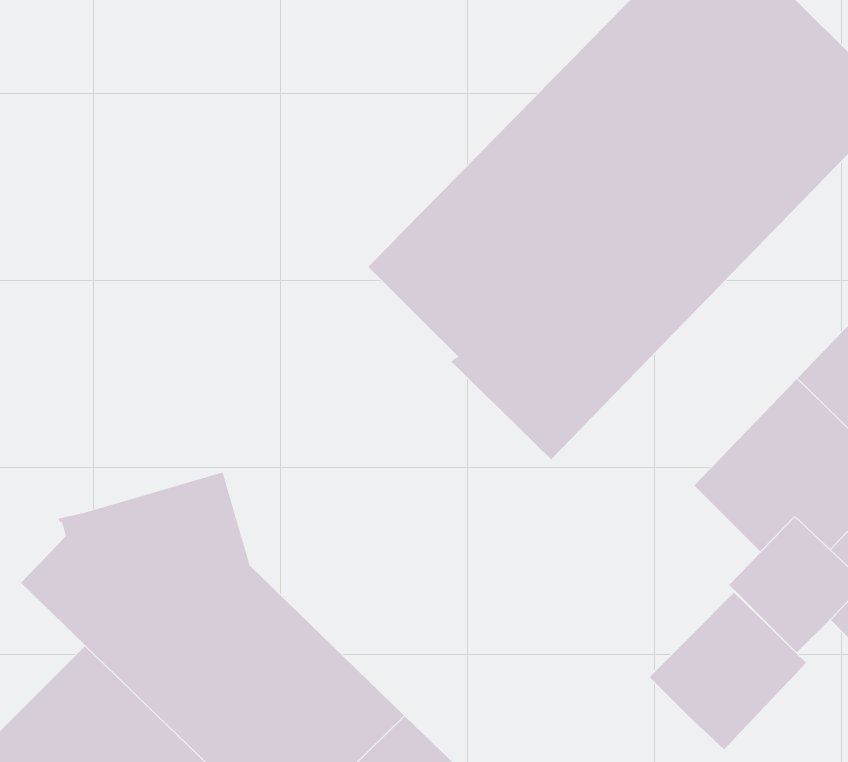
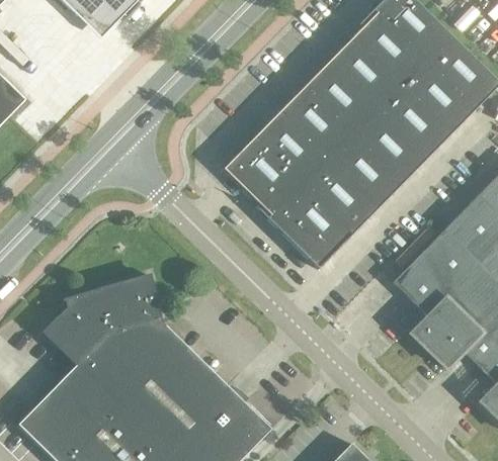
building: [649,592,807,750] -> none

